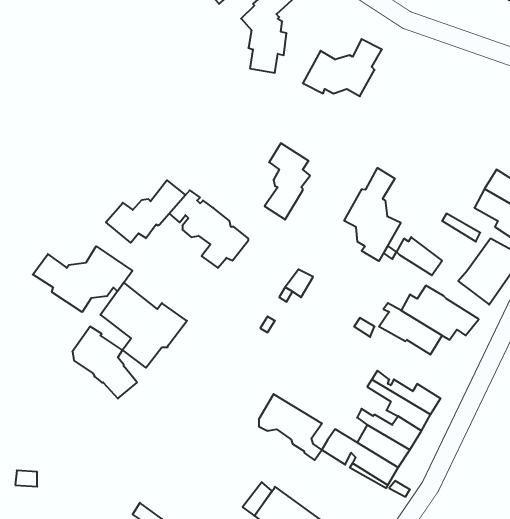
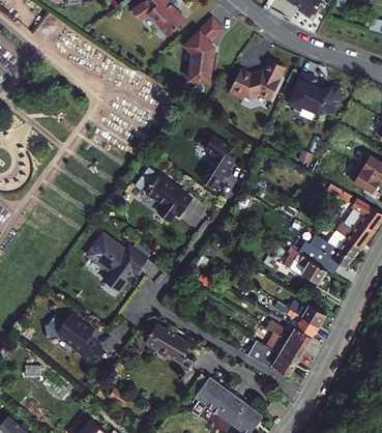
building: none -> [289,73,341,113]
building: [344,168,401,261] -> none
building: [106,180,185,243] -> none
building: [397,237,442,275] -> [327,231,359,258]
building: [33,246,132,312] -> none
building: [72,327,137,399] -> [58,316,104,367]
building: [259,394,322,460] -> [147,324,192,371]

